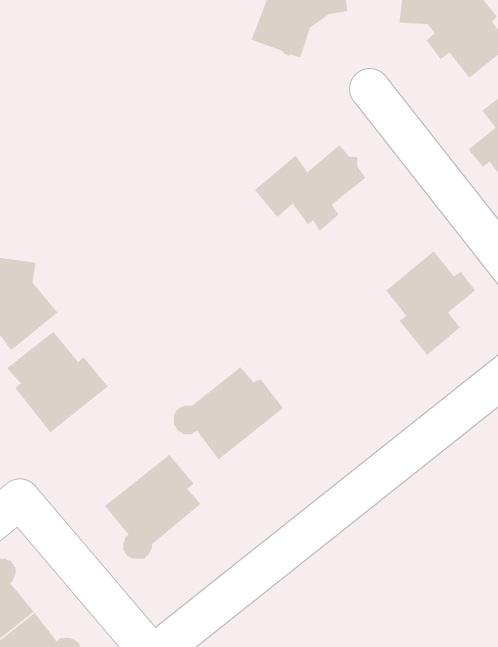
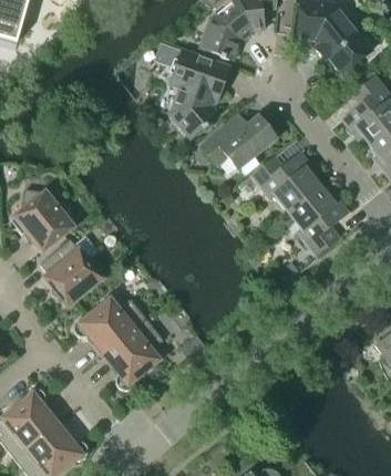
building: none -> [171,49,229,136]
building: none -> [251,152,320,211]
building: [173,366,284,460] -> [73,291,146,353]

